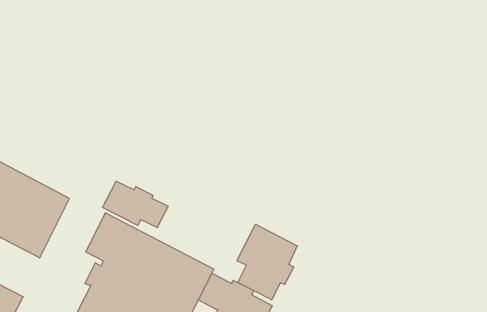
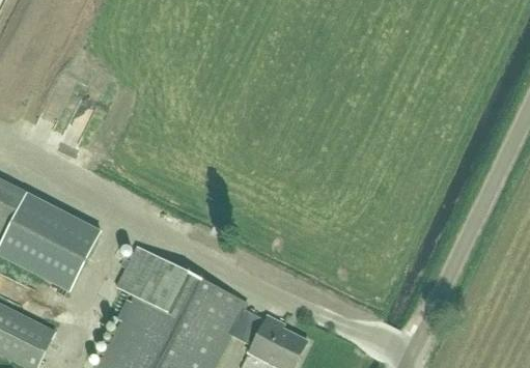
building: [103,181,168,228] -> none
building: [237,224,297,300] -> none

